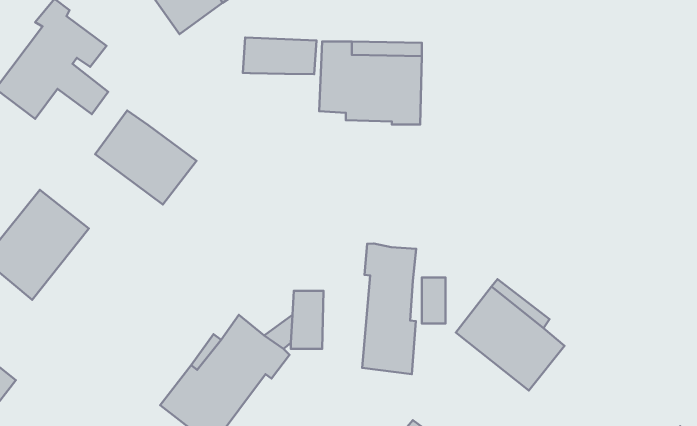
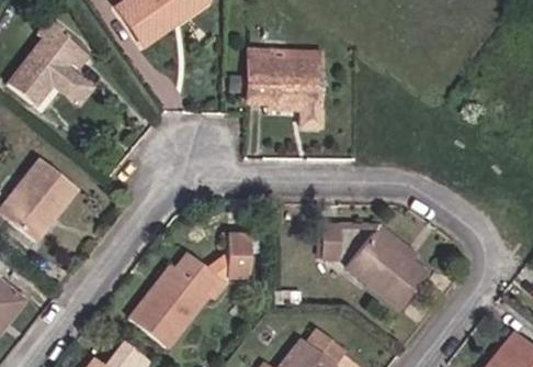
building: [243,38,316,74] -> none
building: [95,111,196,205] -> none
building: [362,244,416,374] -> none

